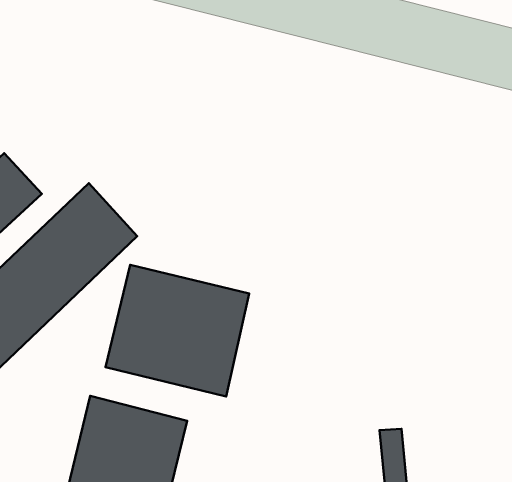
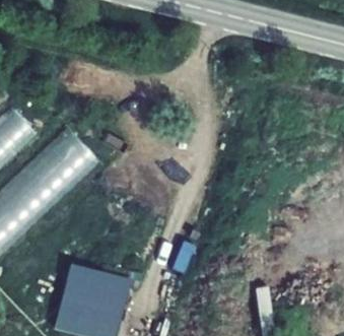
building: [105,265,249,396] -> none

